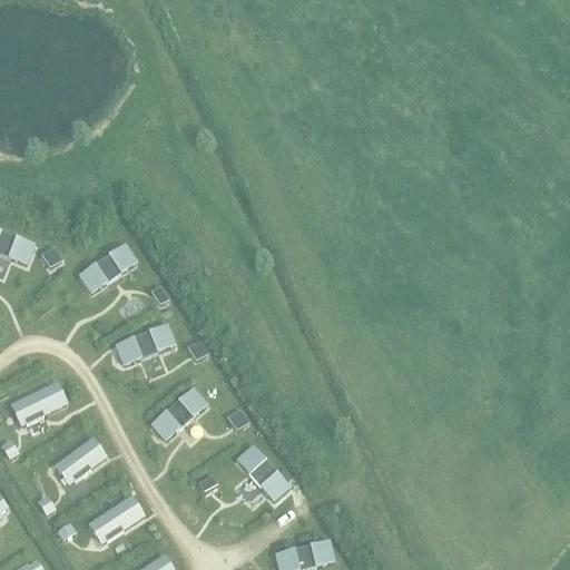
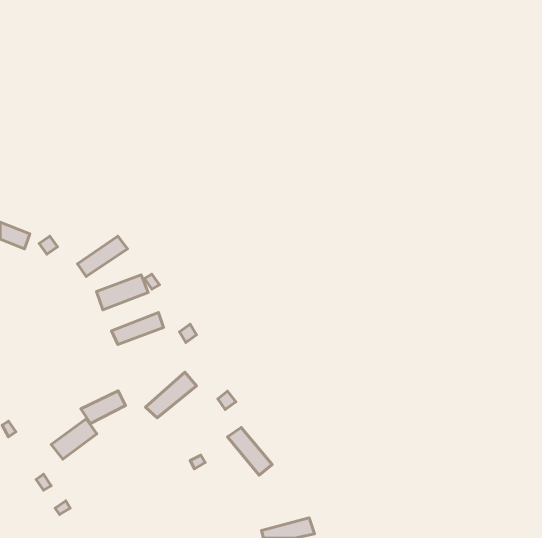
building: none -> [97,275,148,310]
building: [13,385,60,420] -> [81,391,126,424]
building: [92,501,140,539] -> none

